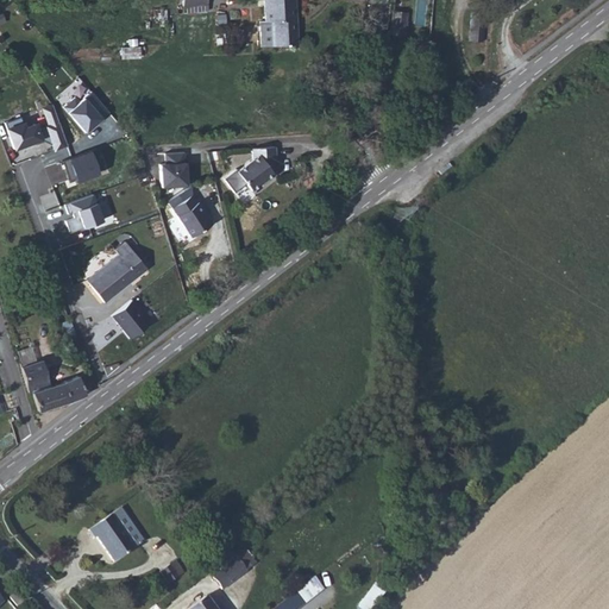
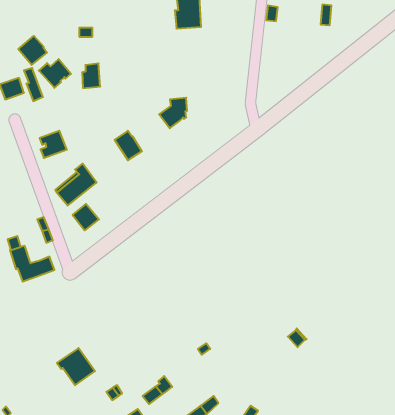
building: none -> [18,36,47,65]
building: [64,149,105,181] -> none
building: [162,151,188,187] -> [82,63,100,88]

